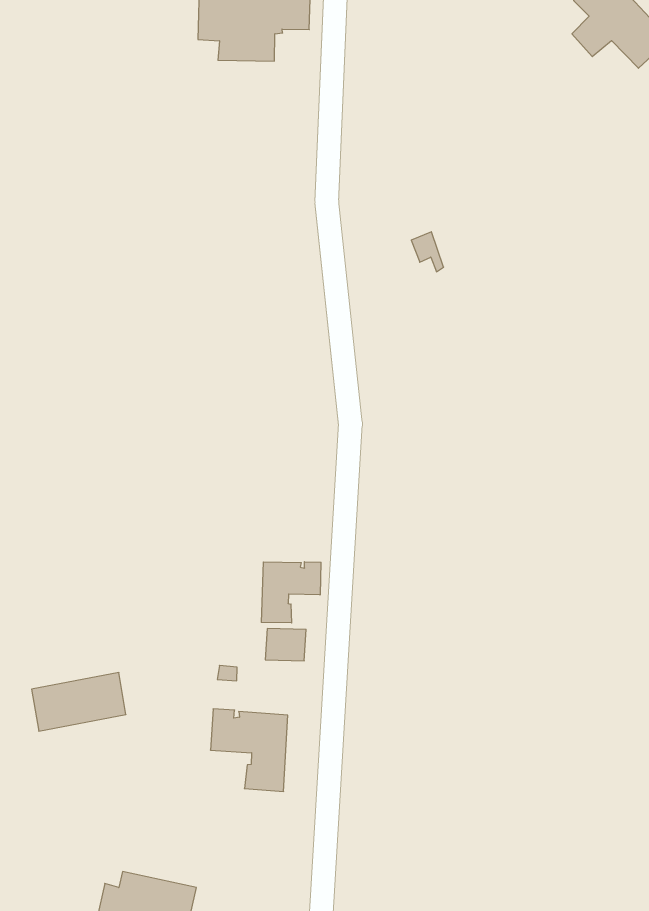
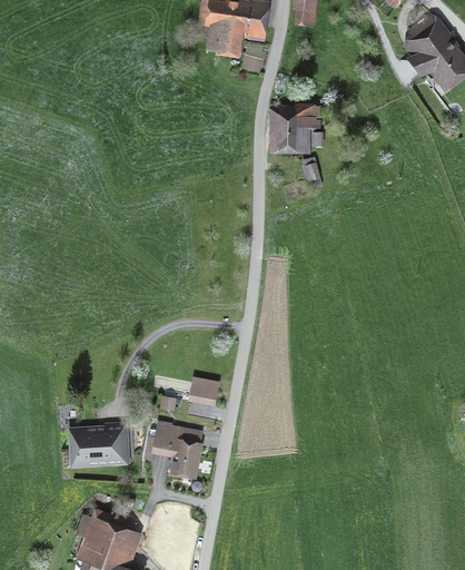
building: none -> [276,107,317,147]
building: [261,562,321,623] -> none
building: [32,673,126,731] -> [76,432,128,460]

